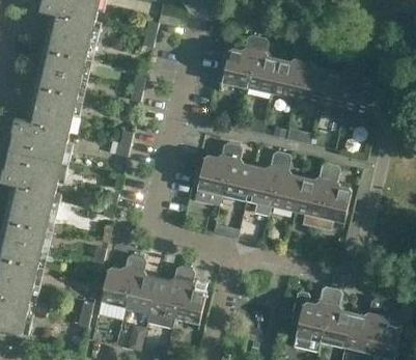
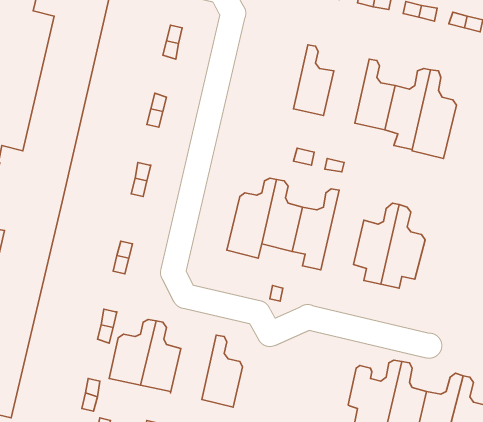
building: [221,36,257,88] -> none
building: [270,47,306,100] -> none
building: [270,153,302,212] -> none
building: [145,266,185,329] -> none

